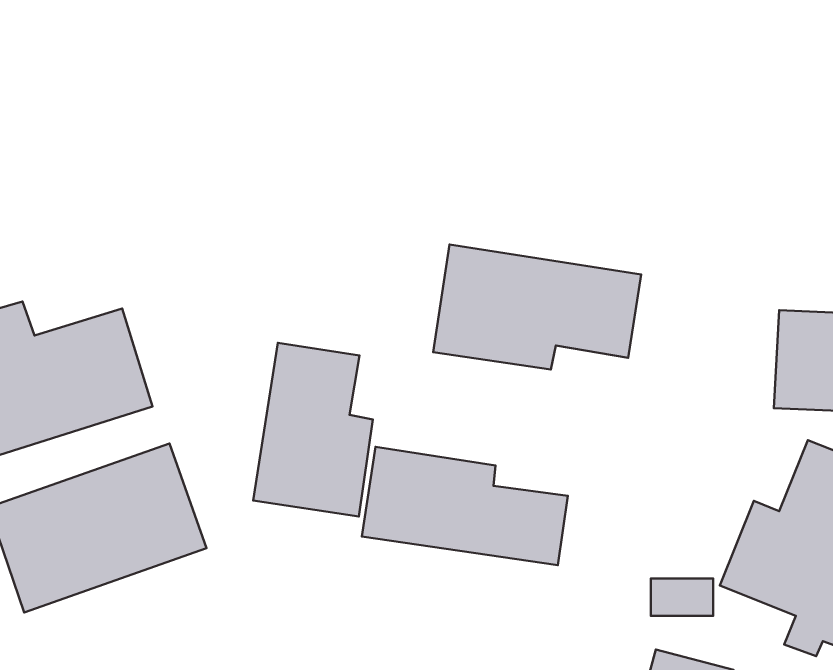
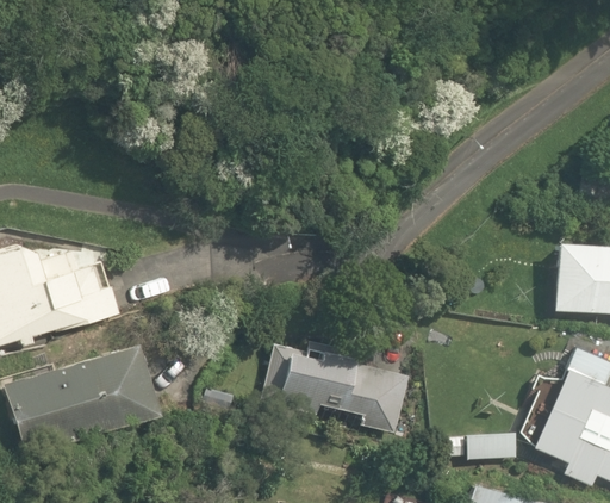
building: [433,244,641,369] -> none
building: [253,343,373,516] -> none

